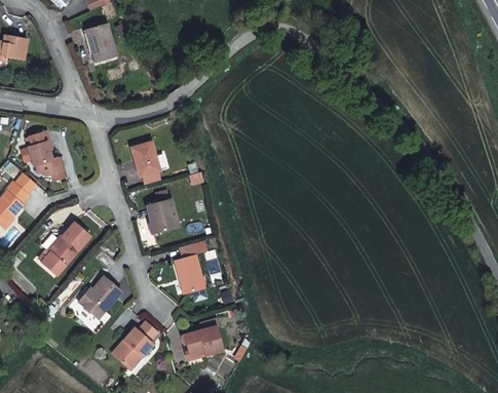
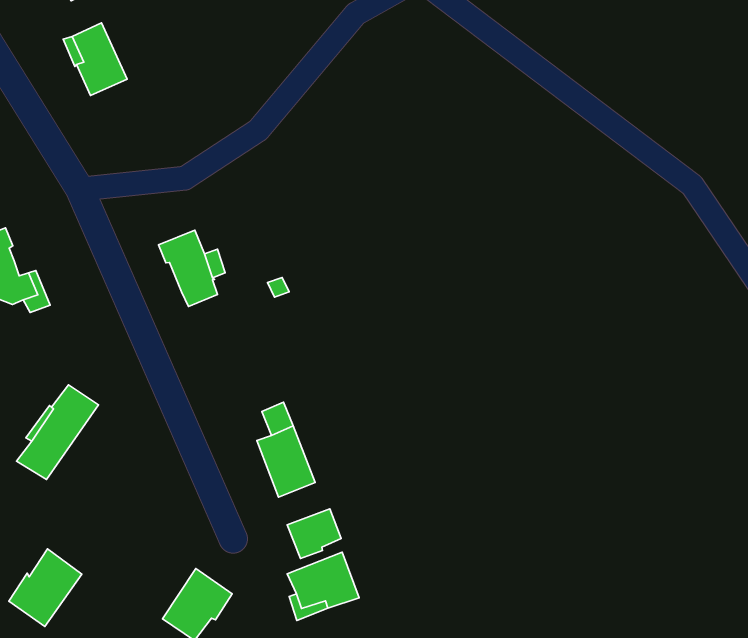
building: [144,197,176,231] -> none
building: [79,274,120,316] -> [9,549,82,627]
building: none -> [287,509,341,558]

